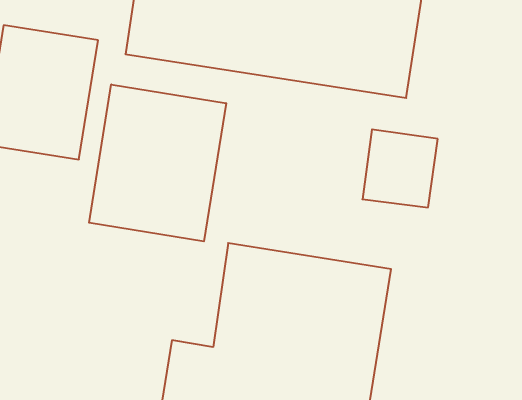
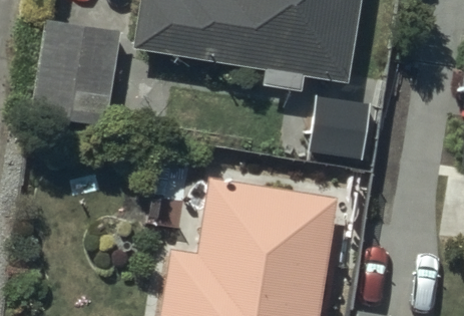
building: [89,84,226,241] -> none

